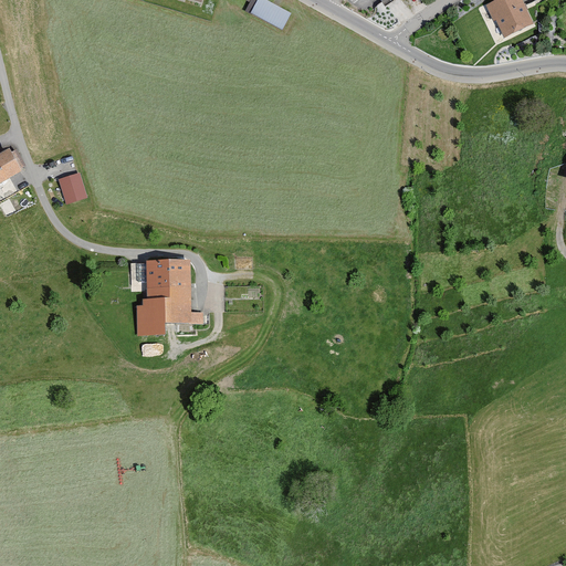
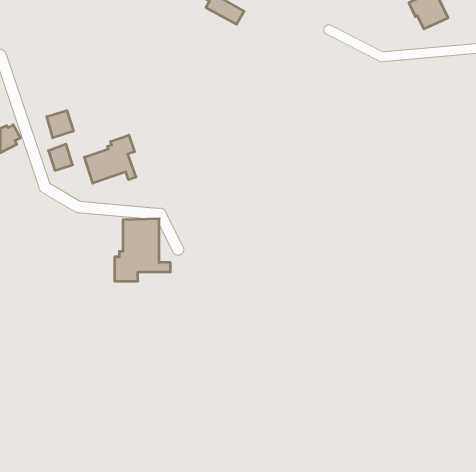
building: none -> [47,111,73,138]
building: none -> [84,135,136,183]

